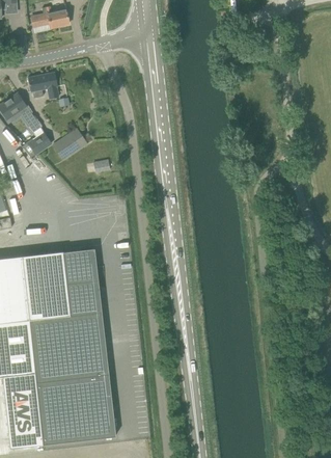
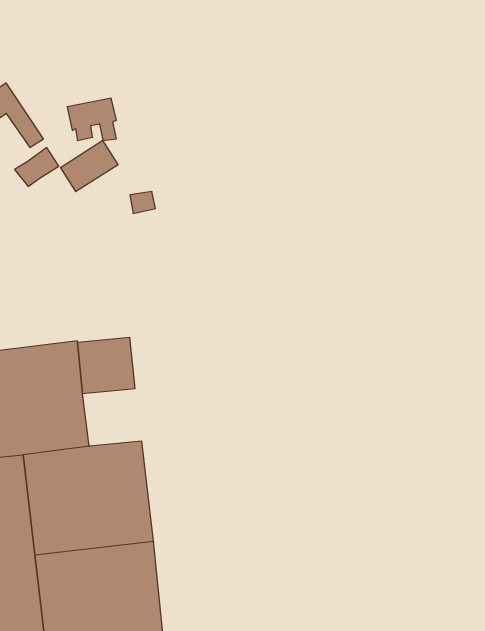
building: [27,73,57,99] -> [67,98,116,141]
building: [64,280,101,316] -> none

